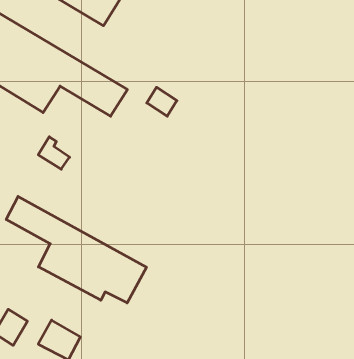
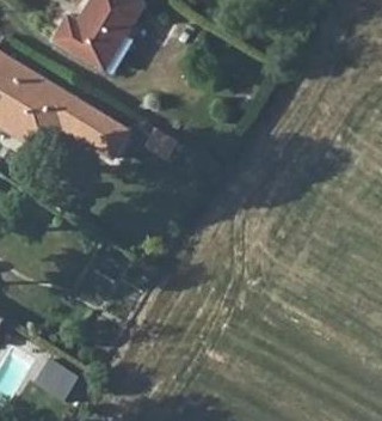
building: [6,196,146,303] -> none

